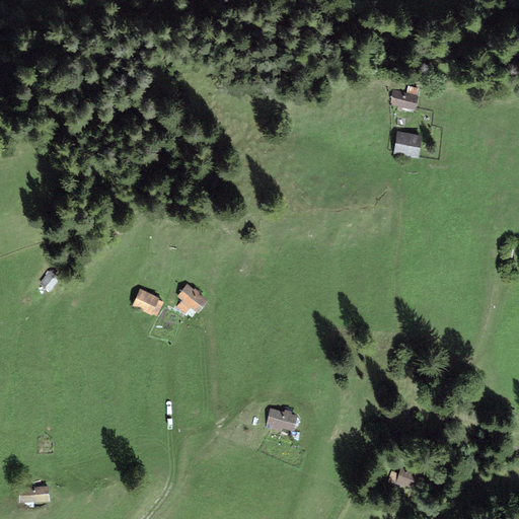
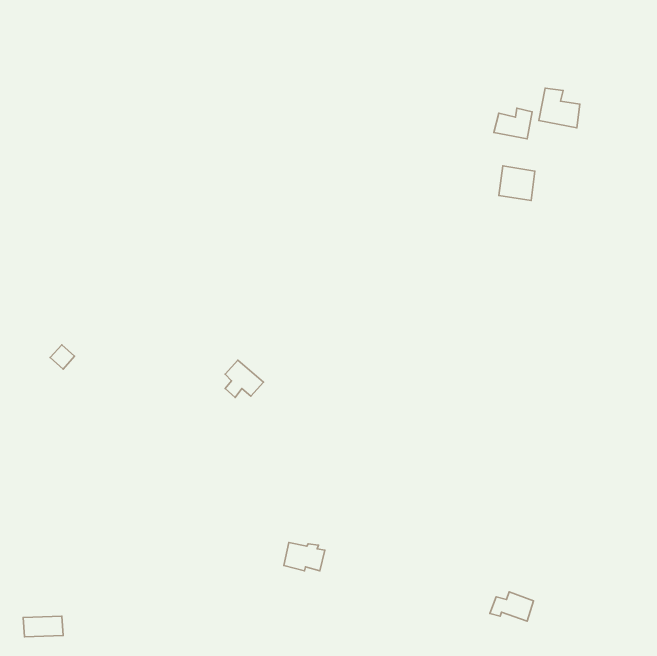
building: none -> [539,88,580,128]
building: [132,288,163,315] -> none
building: [266,409,298,431] -> [284,542,325,571]

